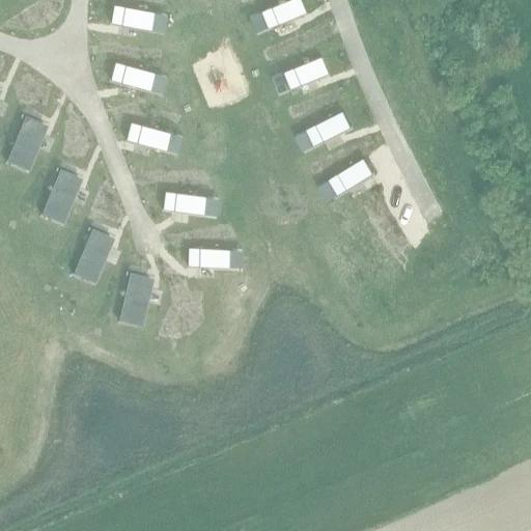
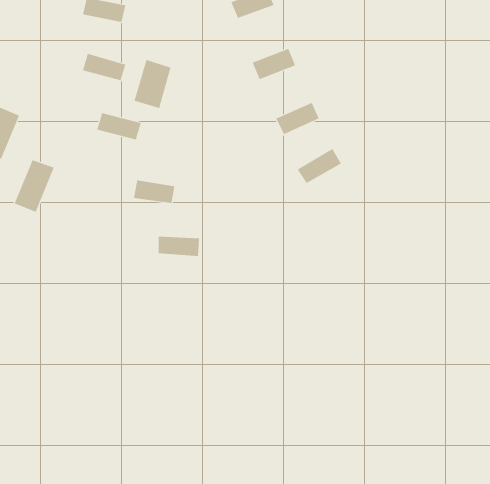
building: none -> [134,59,171,109]
building: [73,228,114,284] -> none
building: [119,273,153,327] -> none

